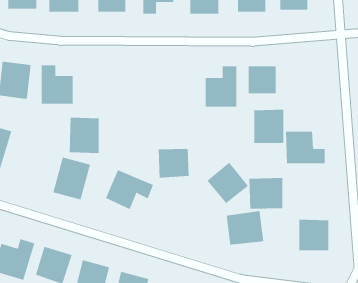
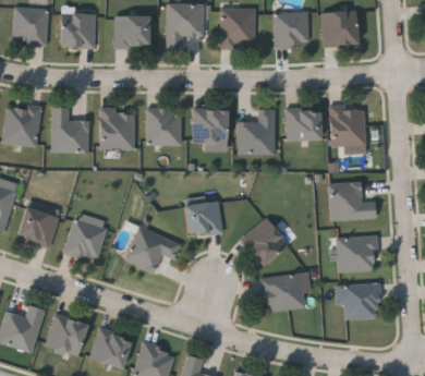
building: none -> [146,109,180,144]
building: none -> [192,109,227,150]
building: [254,109,284,144] -> [330,106,365,145]
building: [69,117,99,154] -> [99,108,134,149]
building: none -> [15,206,58,246]
building: [249,178,283,209] -> [337,235,376,271]

